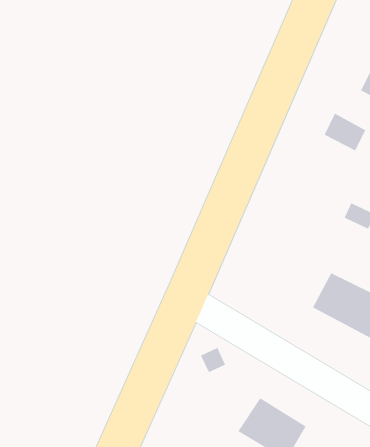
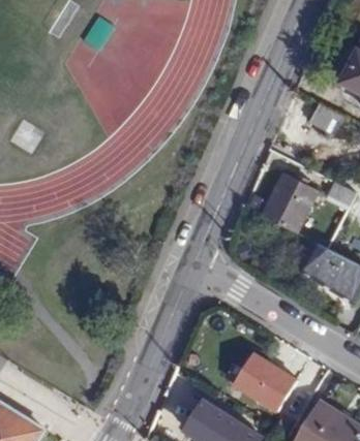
building: none -> [263,174,320,234]

